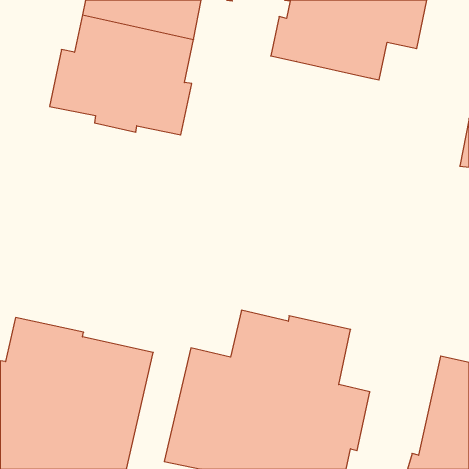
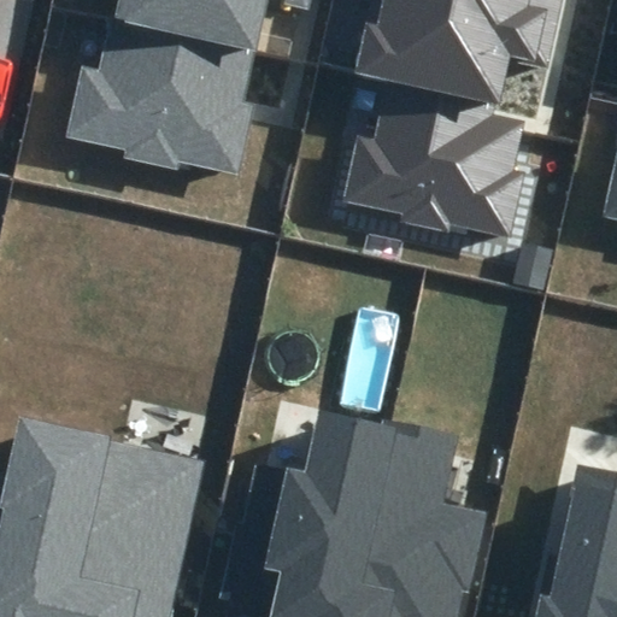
building: none -> [346,81,527,239]

